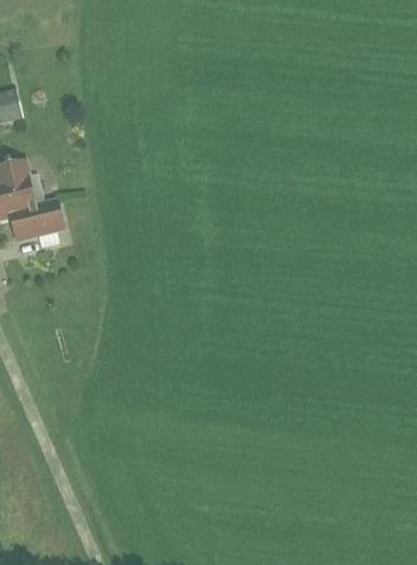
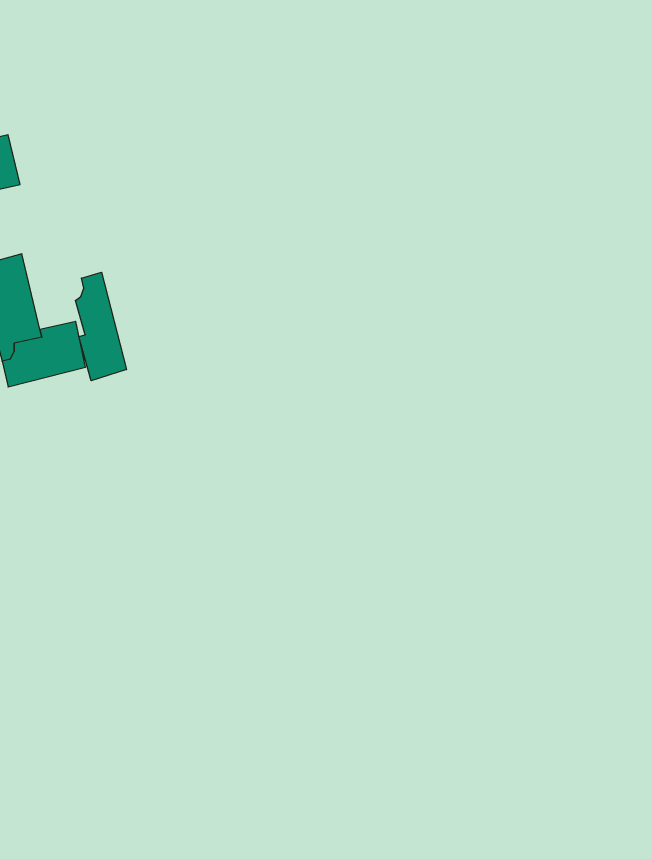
building: none -> [75,272,126,381]

